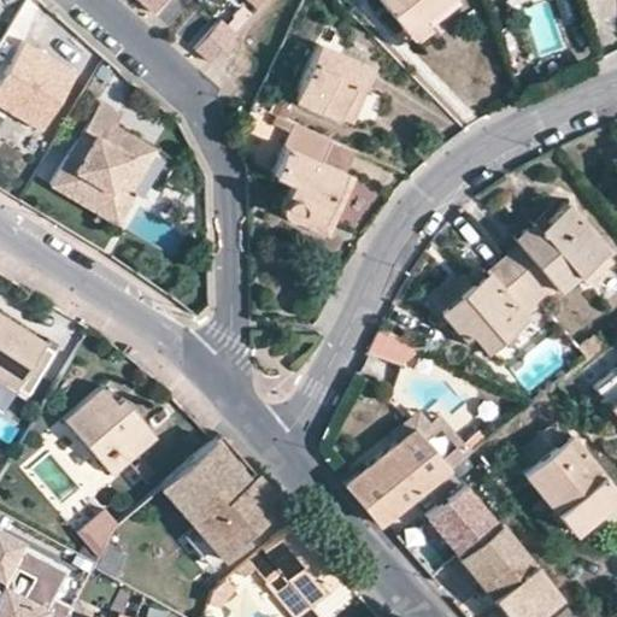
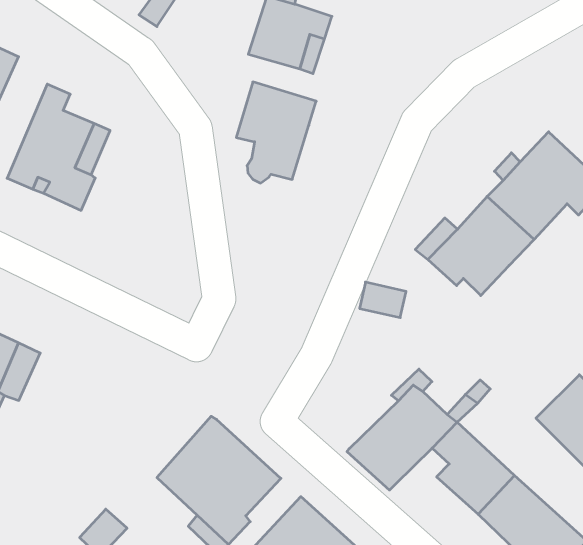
building: [292,171,355,236] -> none
building: [64,387,157,476] -> none

